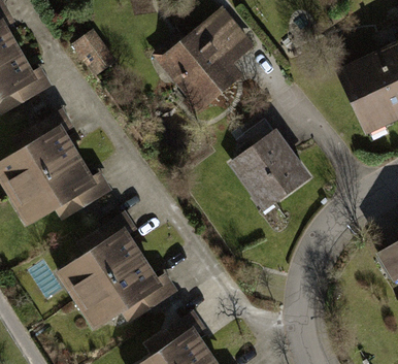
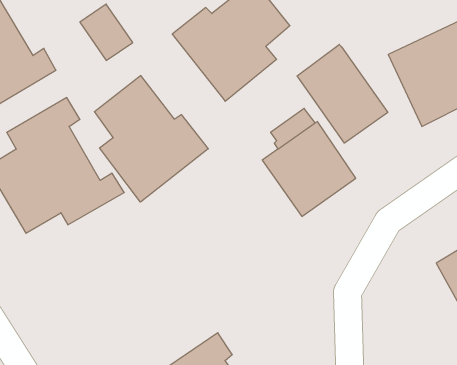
building: none -> [297,44,388,143]
building: none -> [94,76,208,202]
building: [57,208,177,332] -> none

